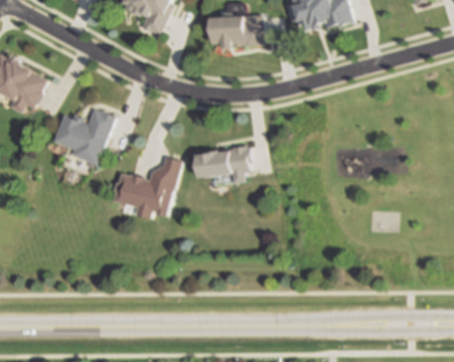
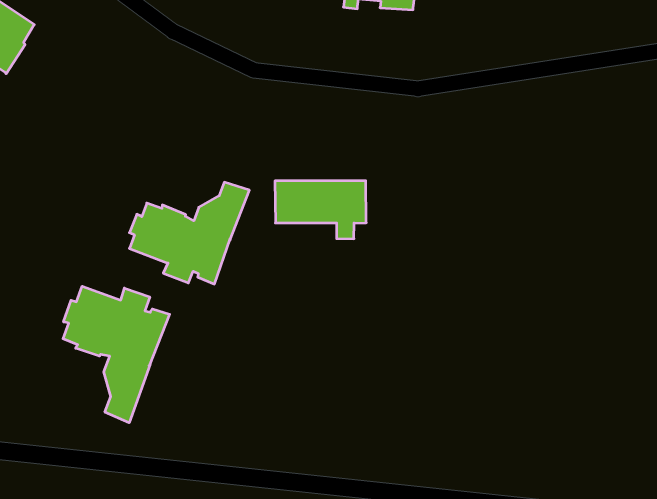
building: [52,108,112,164] -> none
building: none -> [63,286,170,423]

